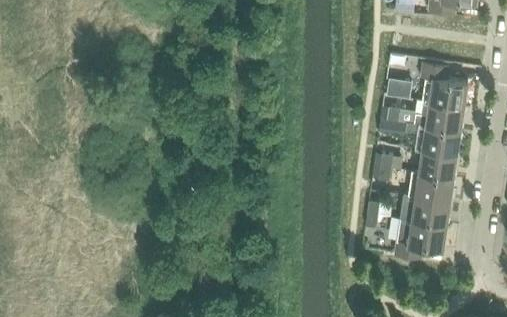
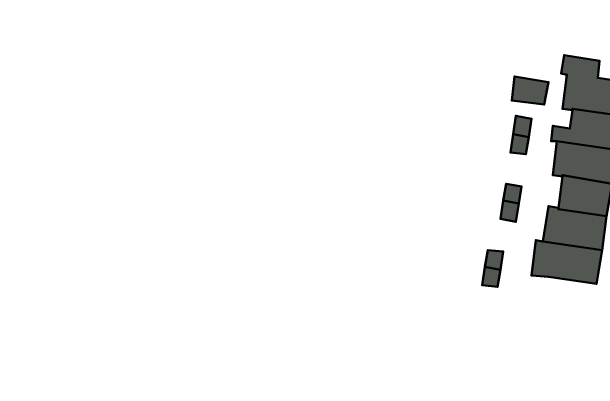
building: [395,219,446,258] -> none

